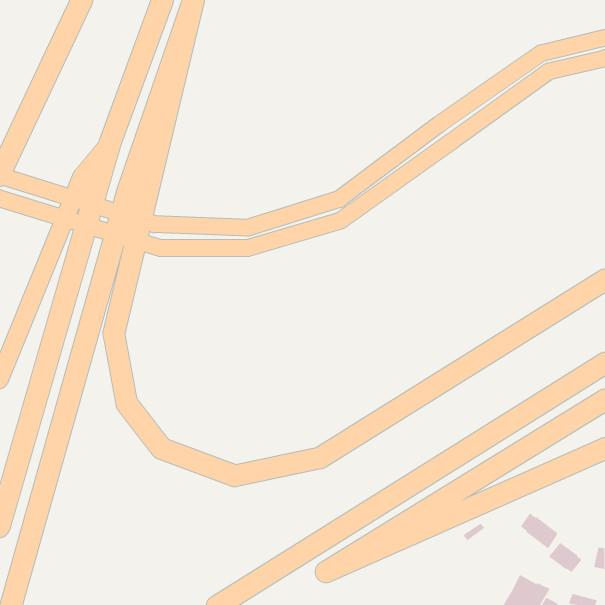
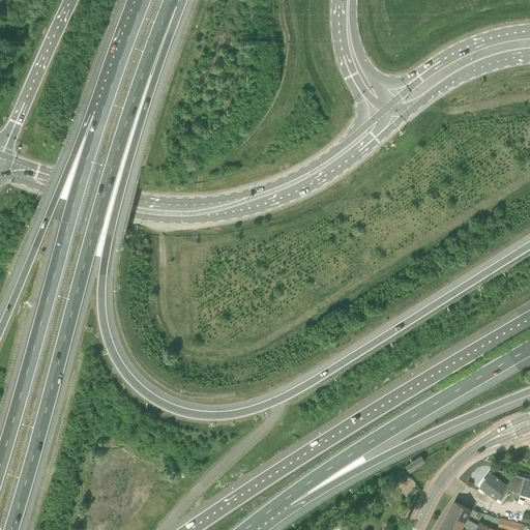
building: [520,512,559,549] -> none

